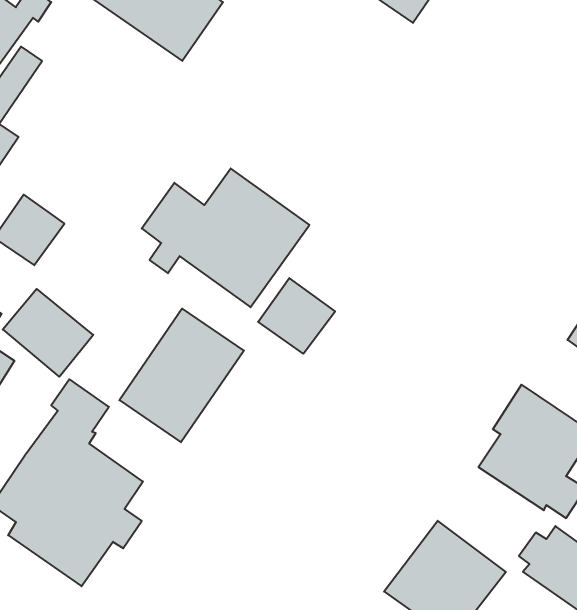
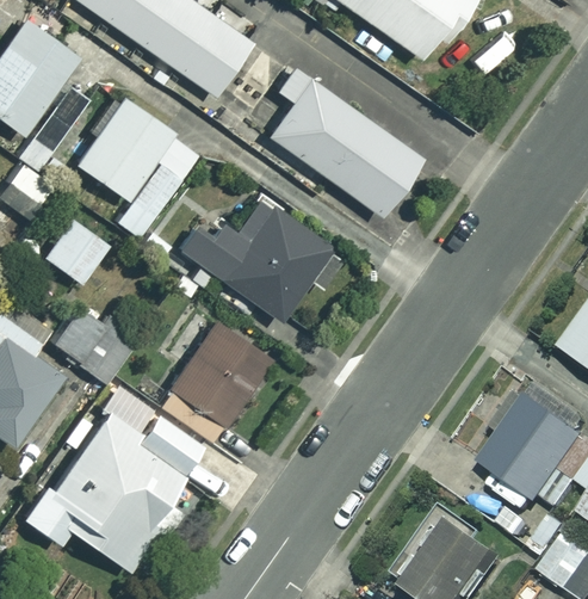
building: none -> [270,66,425,217]
building: none -> [76,98,200,239]
building: [258,278,335,354] -> none
building: none -> [135,416,200,477]

